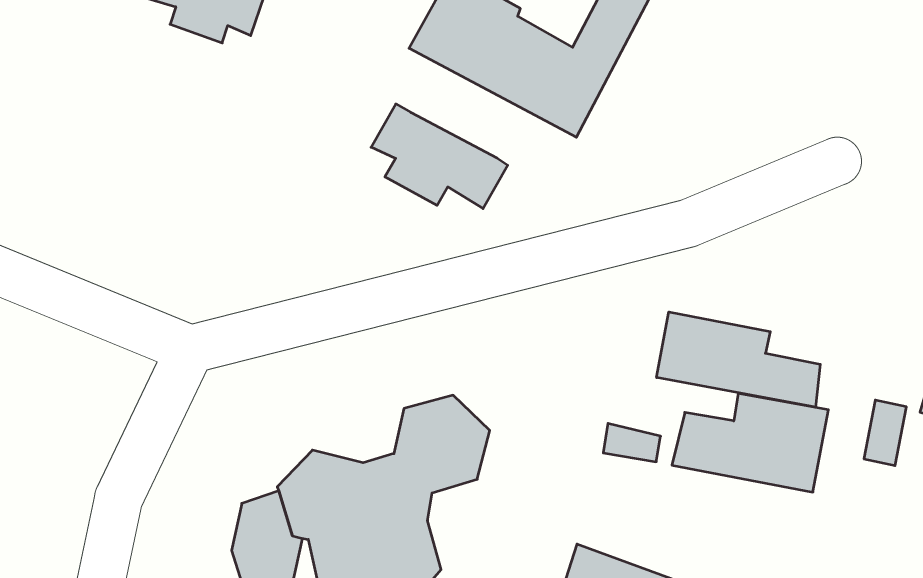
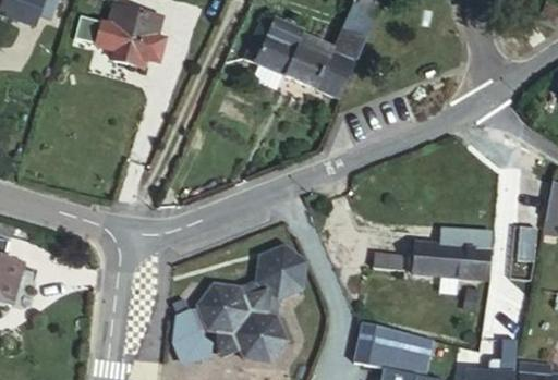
building: [371,104,508,209] -> none
building: [657,312,820,407] -> none

